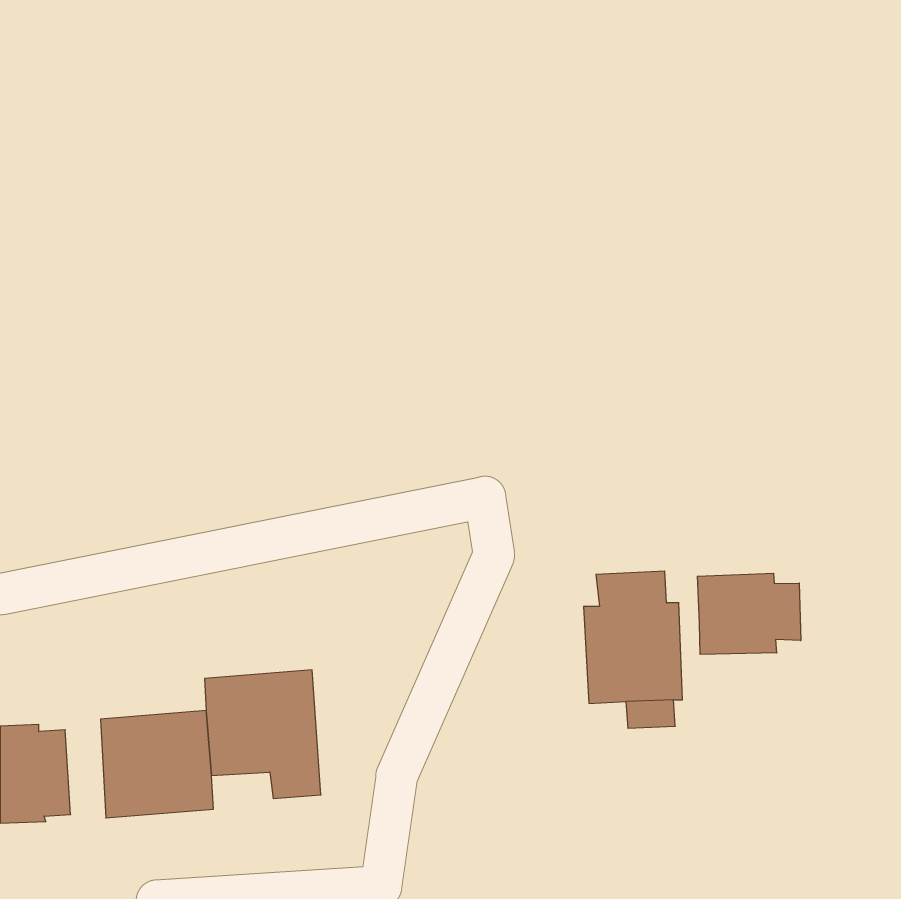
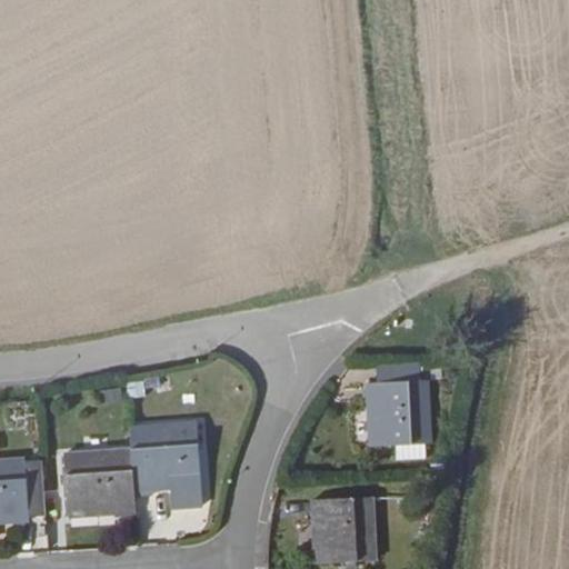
building: [697,573,801,654] -> none
building: none -> [312,498,375,562]

